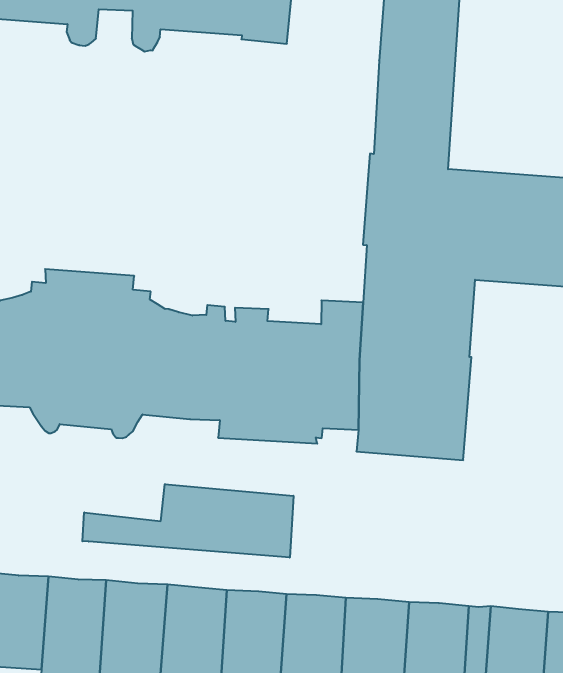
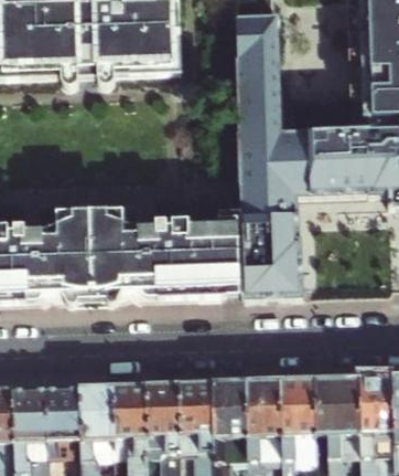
building: [82,484,293,558] -> none

